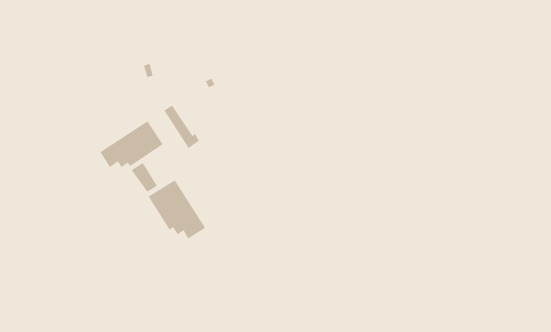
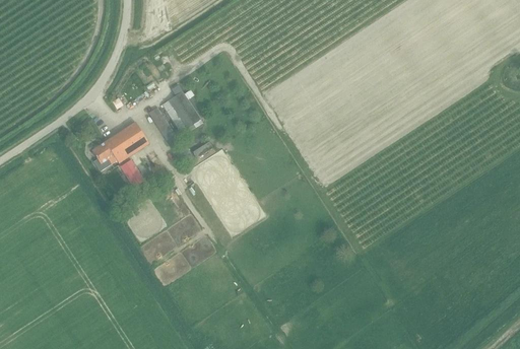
building: none -> [169,85,200,128]
building: [148,179,206,239] -> none

